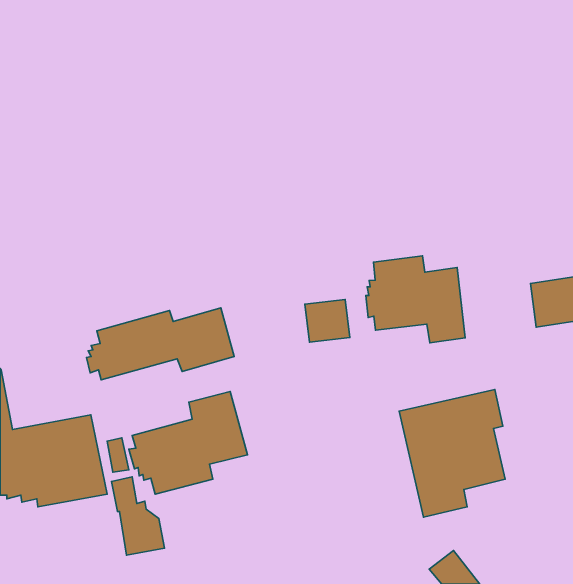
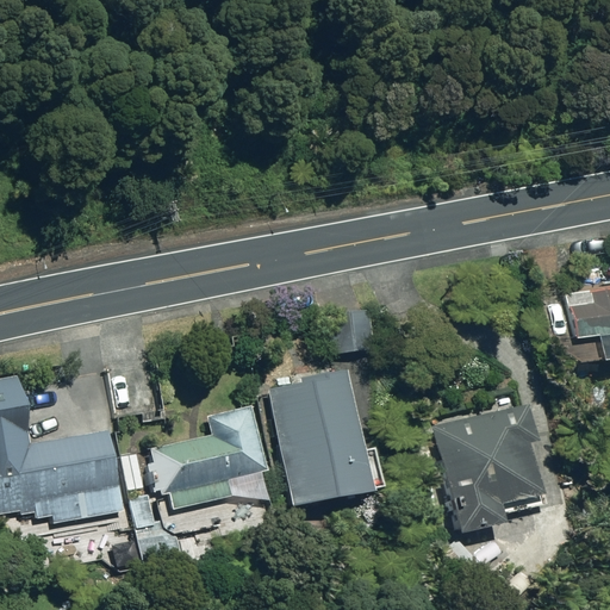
building: [366,256,465,343] -> none
building: [87,308,234,380] -> none
building: none -> [272,371,381,505]

